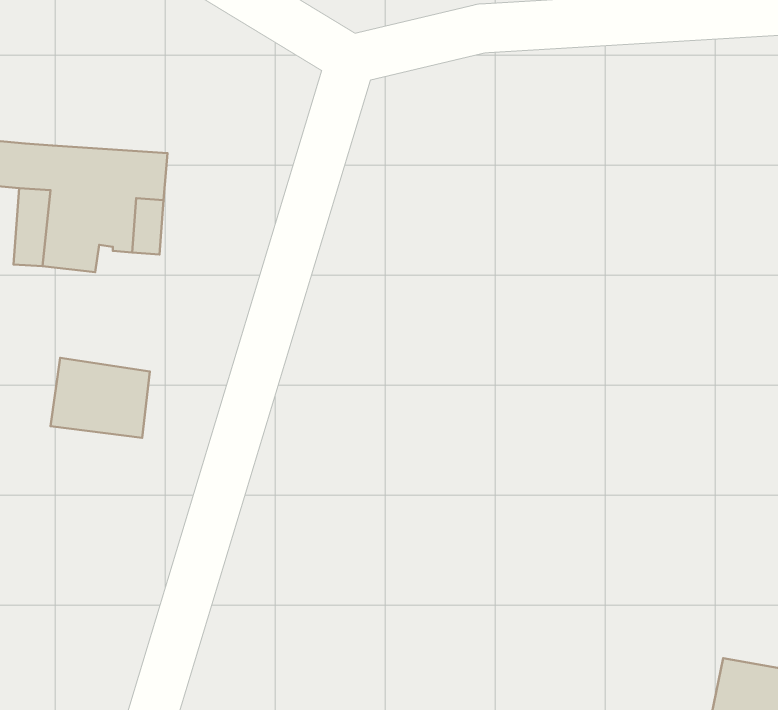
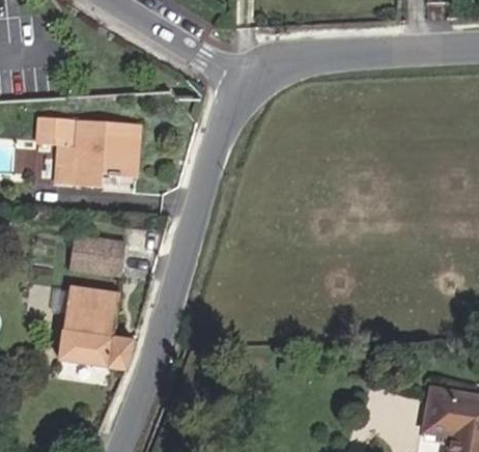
building: none -> [60,285,132,370]

